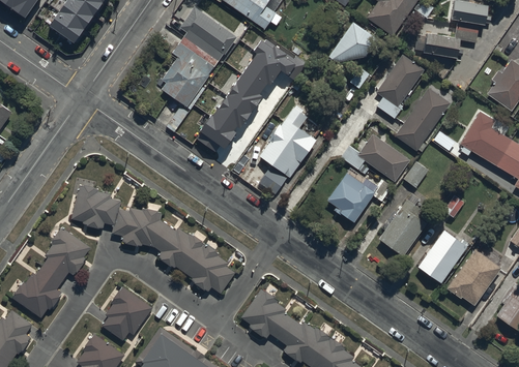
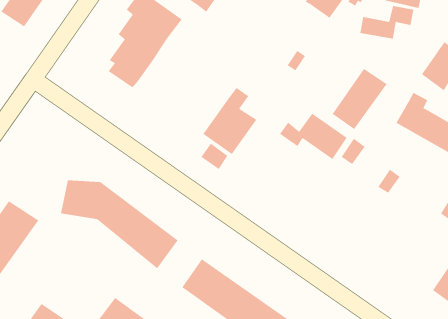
building: [322,24,393,66] -> none
building: [200,41,297,150] -> none
building: [376,54,426,109] -> none
building: [326,175,376,223] -> none
building: [69,181,119,227] -> none
building: [377,200,427,256] -> none
building: [419,230,469,283] -> none
building: [448,248,502,305] -> none
building: [100,283,149,339] -> none

